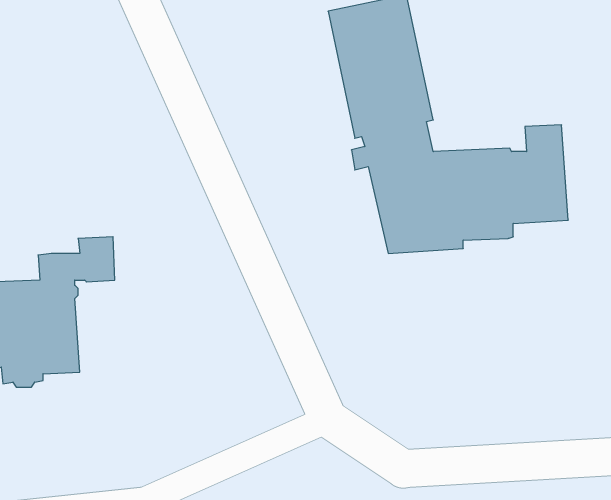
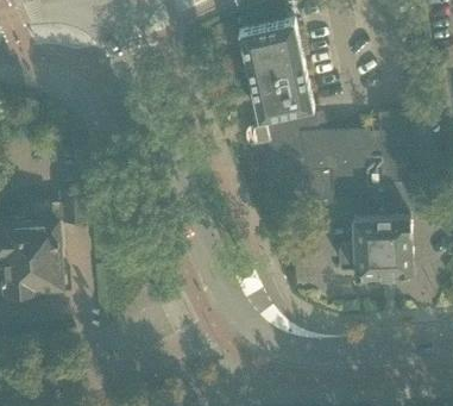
building: none -> [340,180,415,275]

